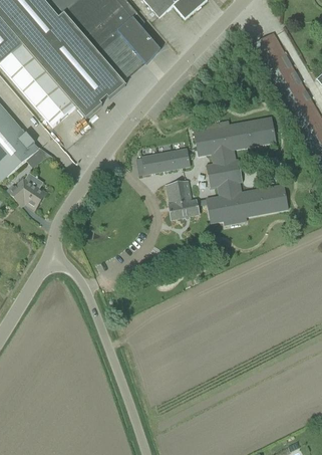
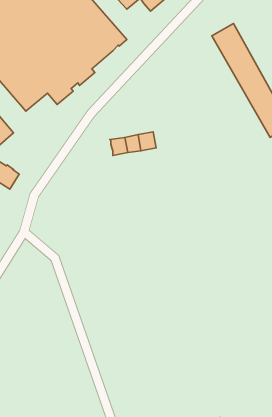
building: [167,117,288,224] -> none

